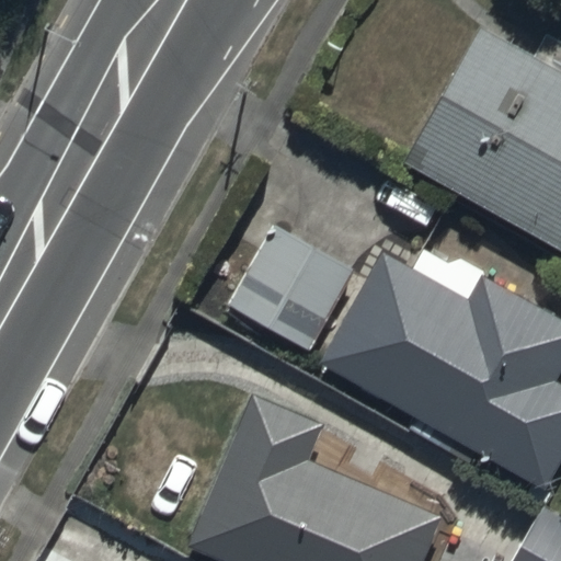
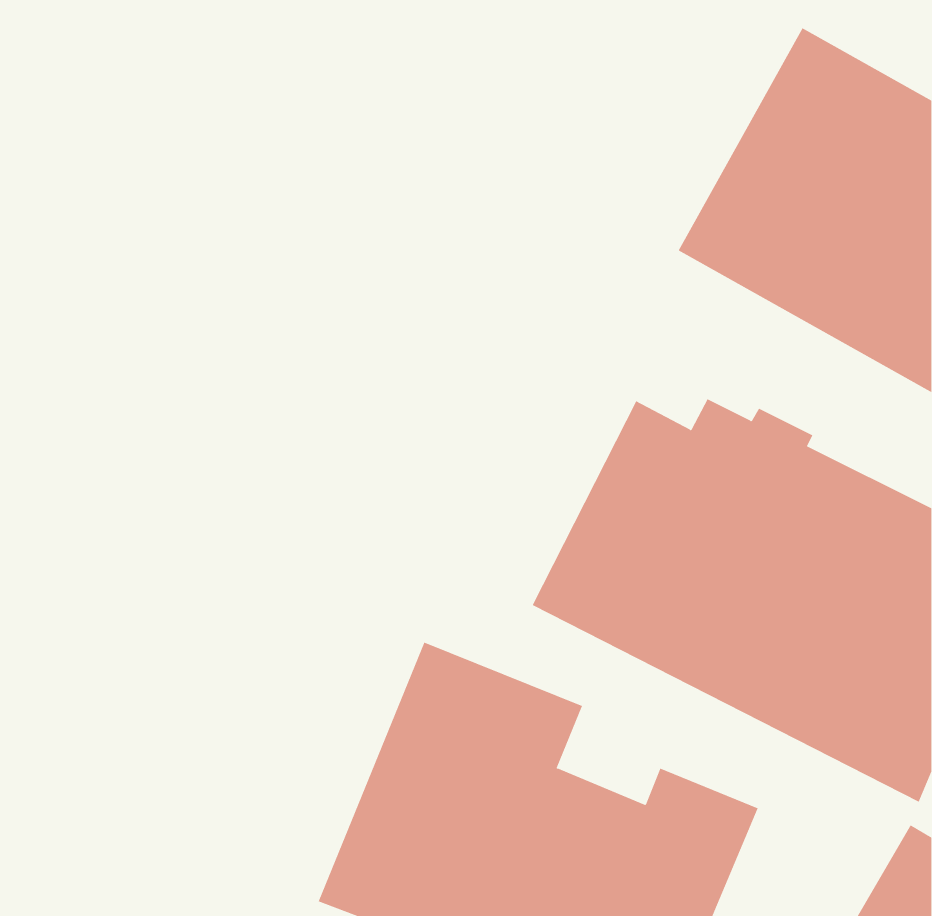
building: [237,227,356,342] -> none

